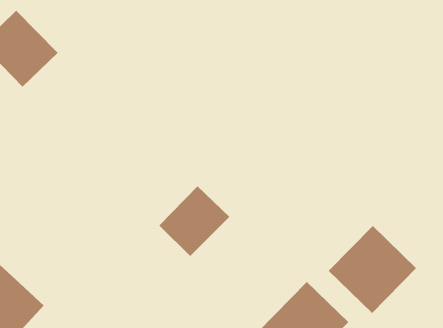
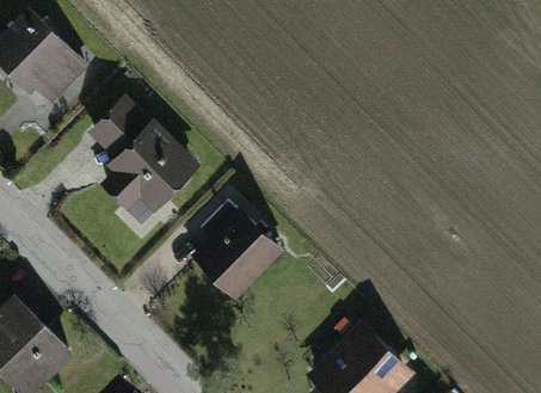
building: none -> [94,104,190,217]
building: [328,225,417,314] -> none

